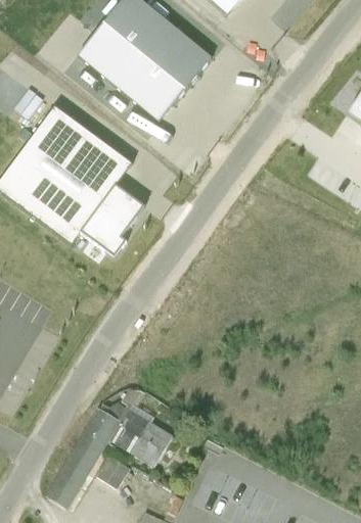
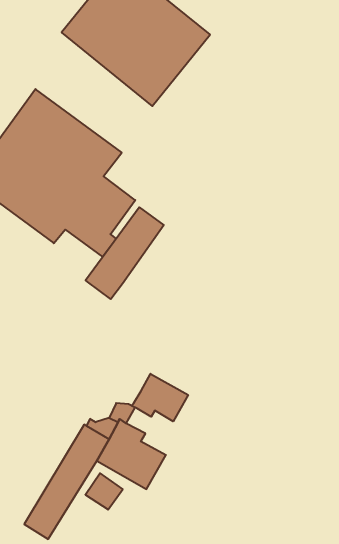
building: none -> [86,207,164,299]
building: none -> [132,374,188,421]

